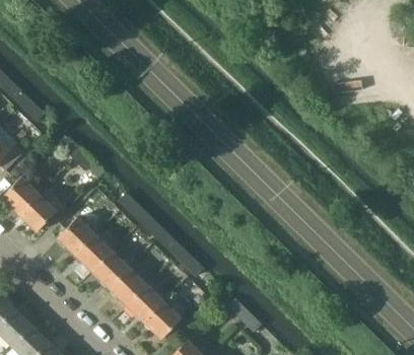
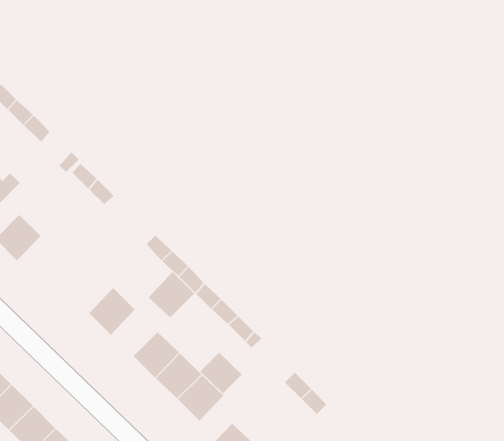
building: [19,191,56,231] -> none
building: [58,218,94,255] -> none
building: [92,252,129,288] -> [148,271,195,318]
building: none -> [199,352,243,394]

